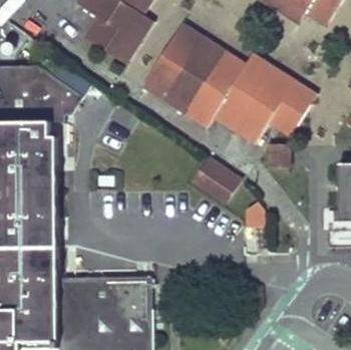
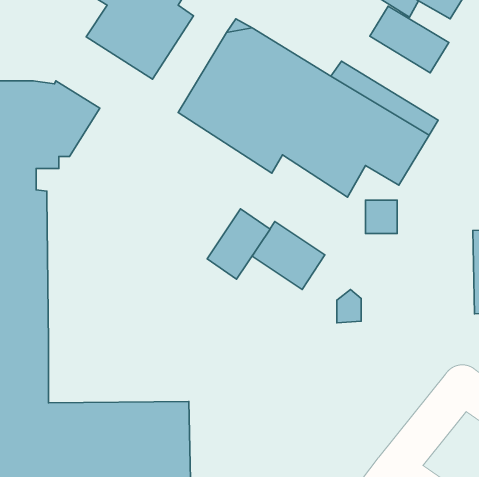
building: none -> [370,6,449,73]
building: none -> [207,209,270,279]

